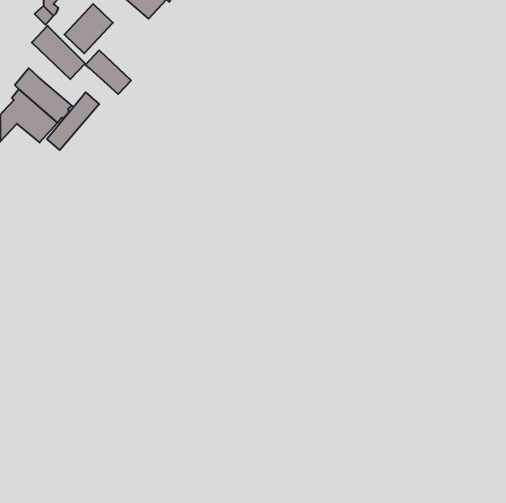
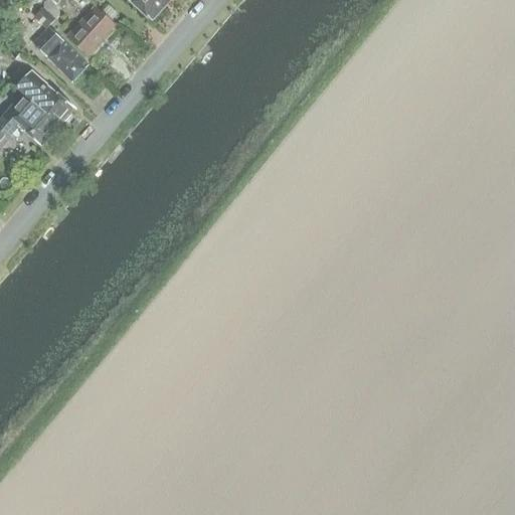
building: [85,50,131,94] -> none
building: [47,92,99,150] -> none

